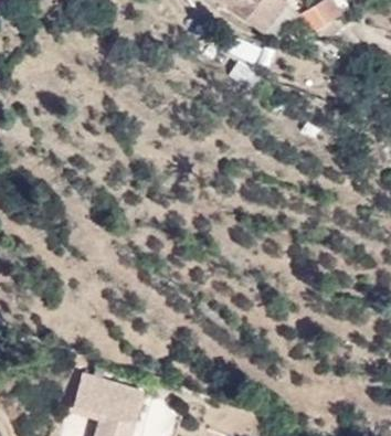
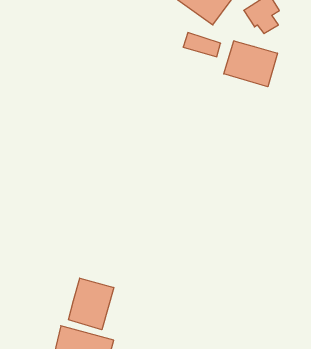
building: none -> [224,41,277,87]
building: none -> [68,278,114,330]

